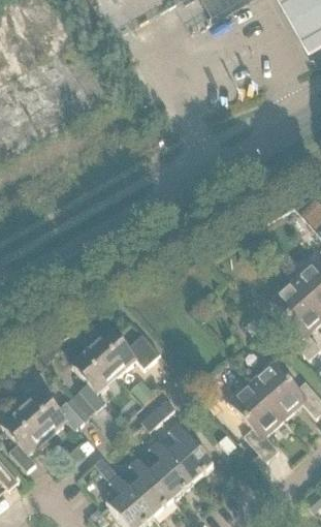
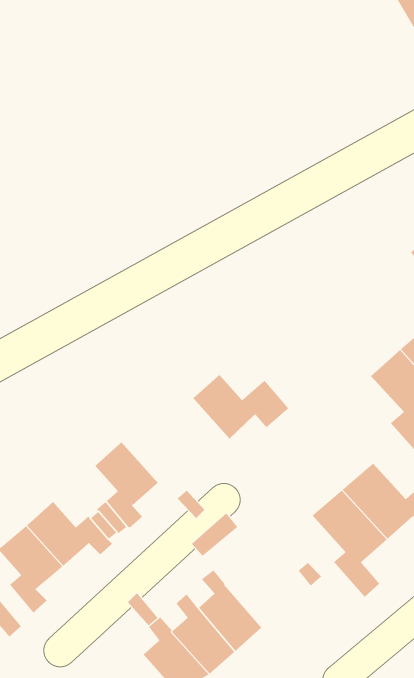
building: [91,329,161,376] -> [192,374,289,439]
building: [166,423,214,482] -> none

